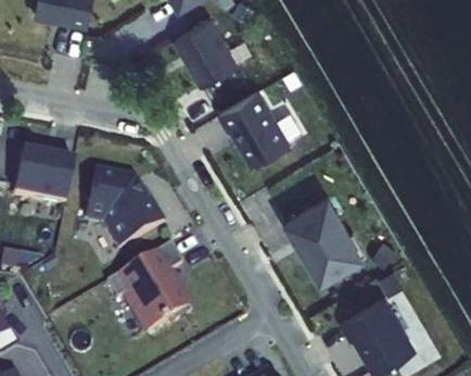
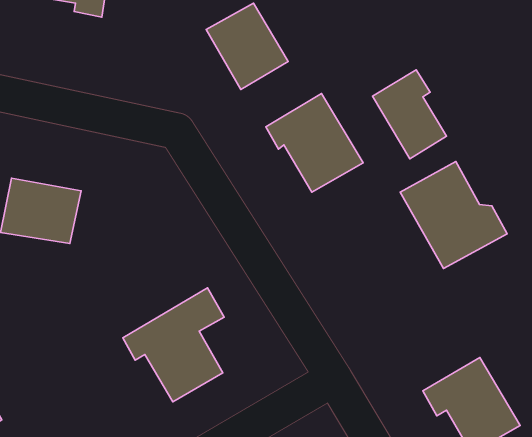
building: none -> [372,70,447,159]
building: [86,168,163,249] -> none
building: [284,196,368,279] -> [400,161,507,268]

